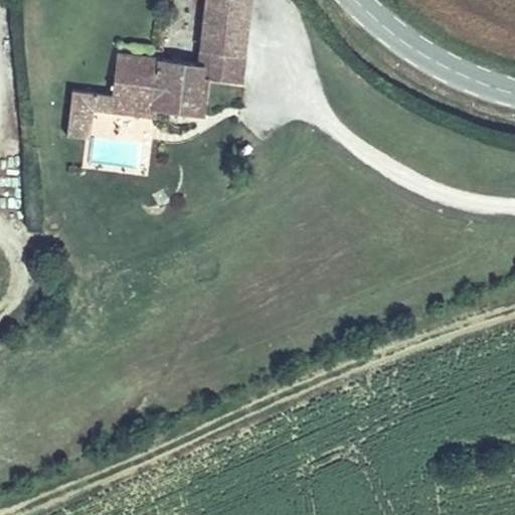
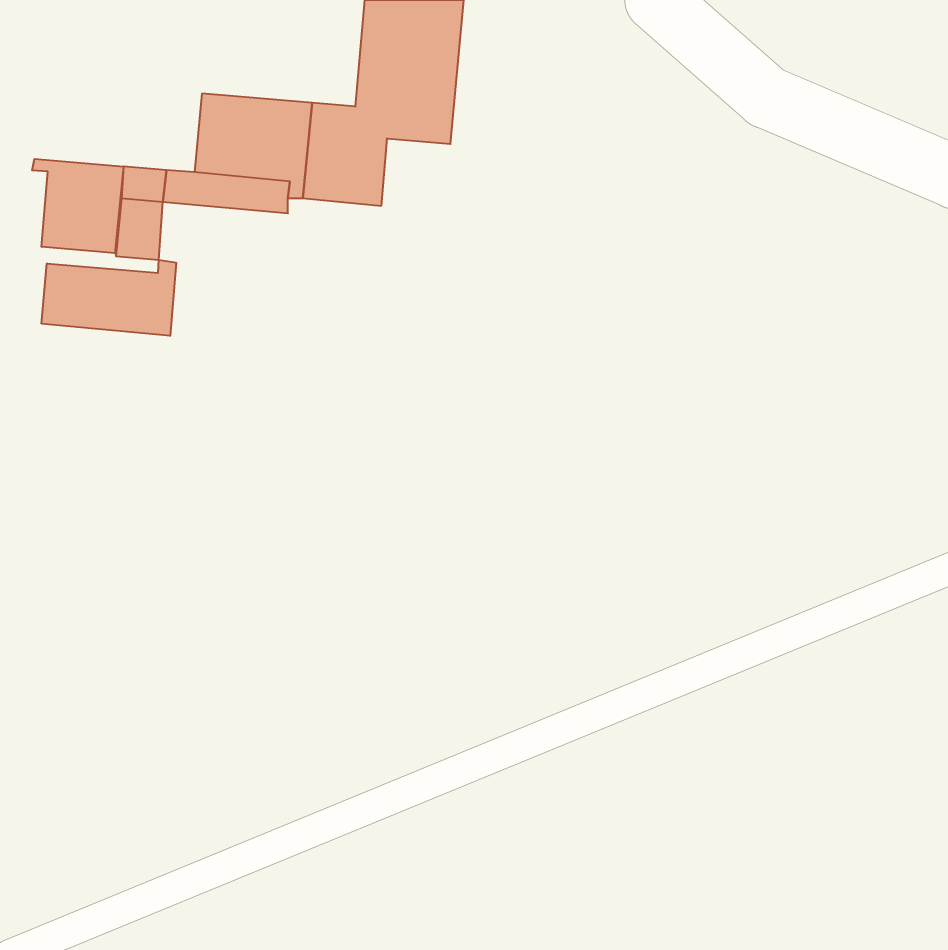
building: none -> [32,159,123,253]
building: none -> [42,260,176,336]

